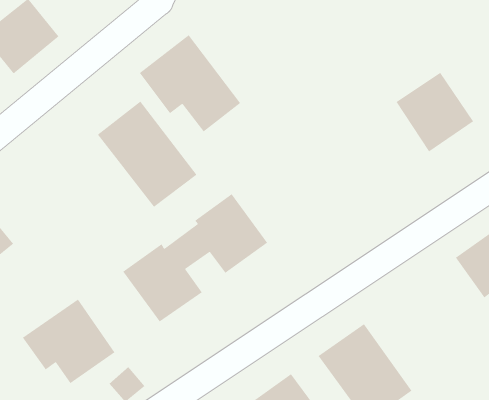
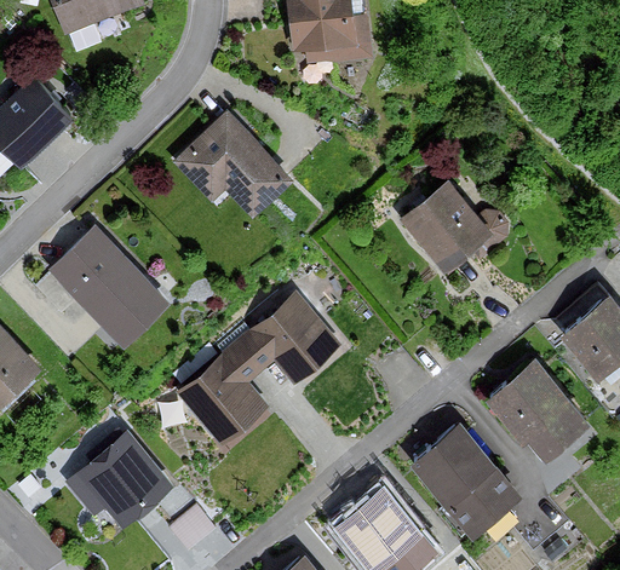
building: [395,72,474,152] -> [398,175,493,271]
building: [97,100,197,208] -> [47,224,170,349]
building: none -> [488,361,595,465]

